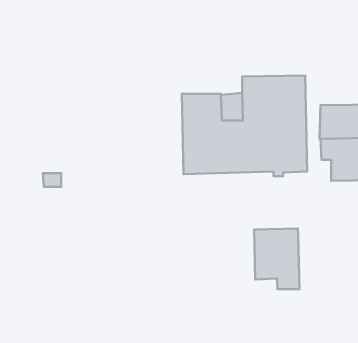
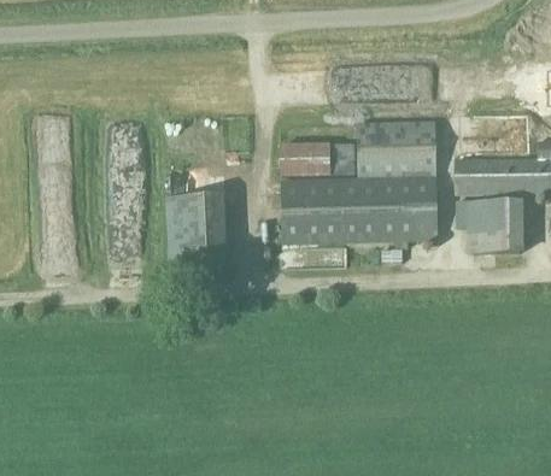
building: none -> [166,194,227,269]
building: [254,229,299,289] -> none

